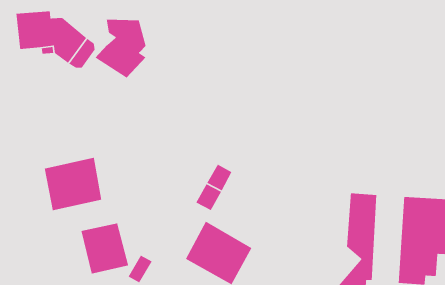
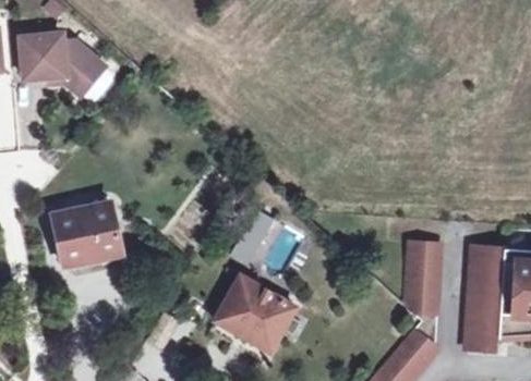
building: [94,19,146,78] -> none
building: [80,222,129,274] -> none

